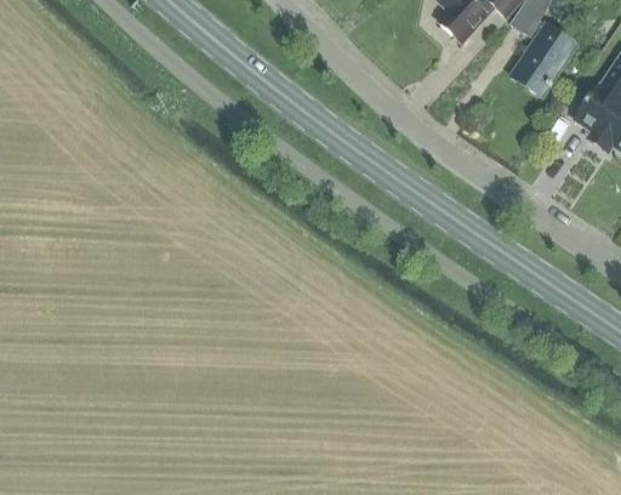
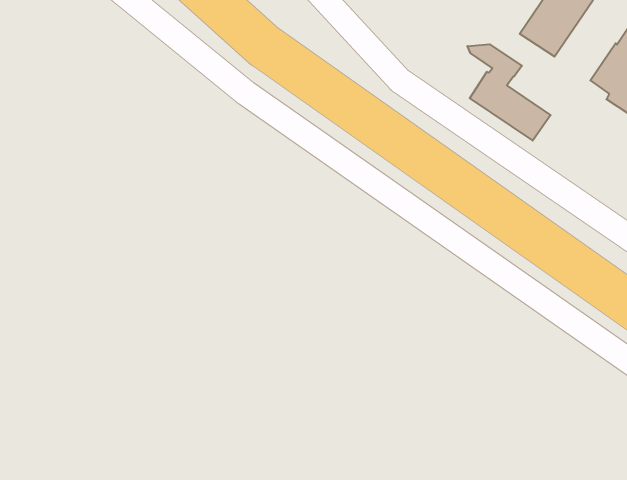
building: none -> [467,44,551,141]

